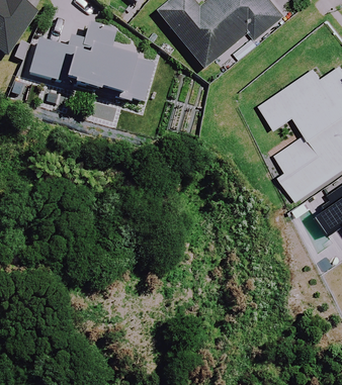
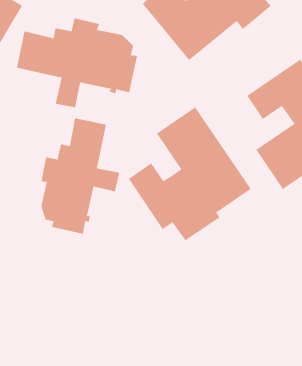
building: none -> [128,106,252,241]
building: none -> [41,117,120,234]

